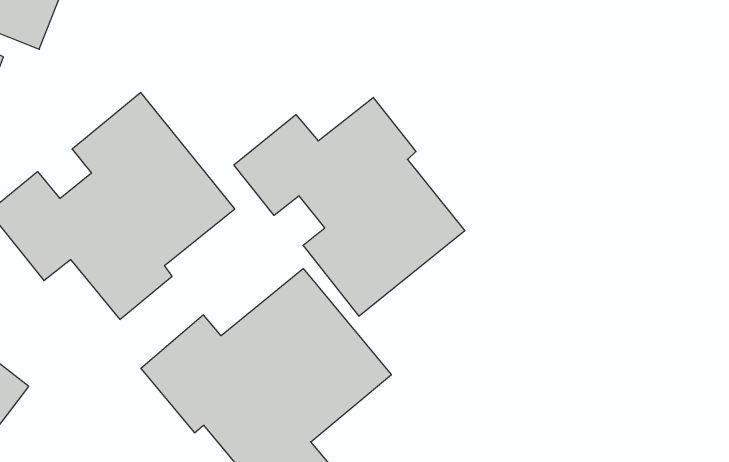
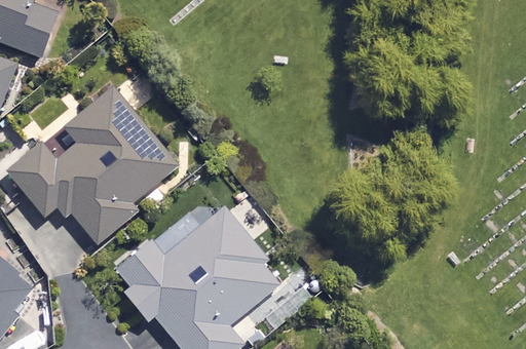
building: [234,97,465,316] -> none

